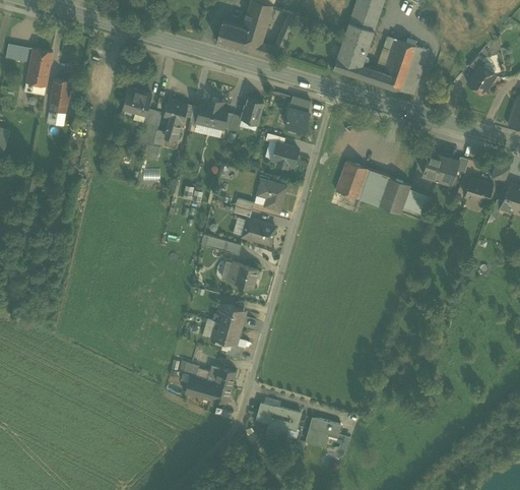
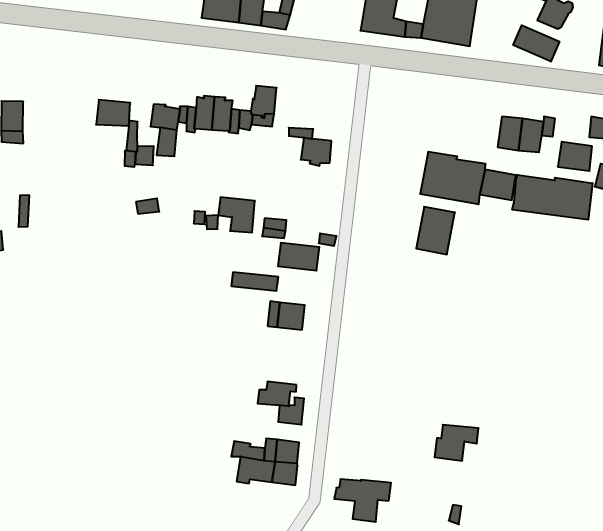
building: none -> [513,25,559,62]
building: [284,107,309,131] -> none
building: [335,161,369,199] -> [416,207,455,254]
building: [258,180,287,210] -> [218,197,255,233]
building: none -> [512,175,593,220]
building: [215,302,243,327] -> none
building: [304,418,340,447] -> [435,425,479,461]

